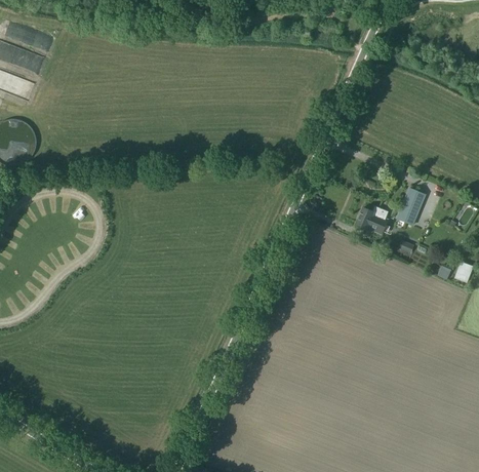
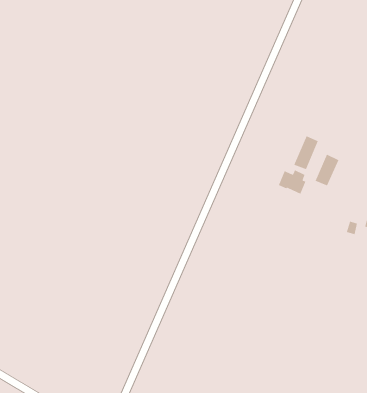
building: none -> [293,135,319,170]

